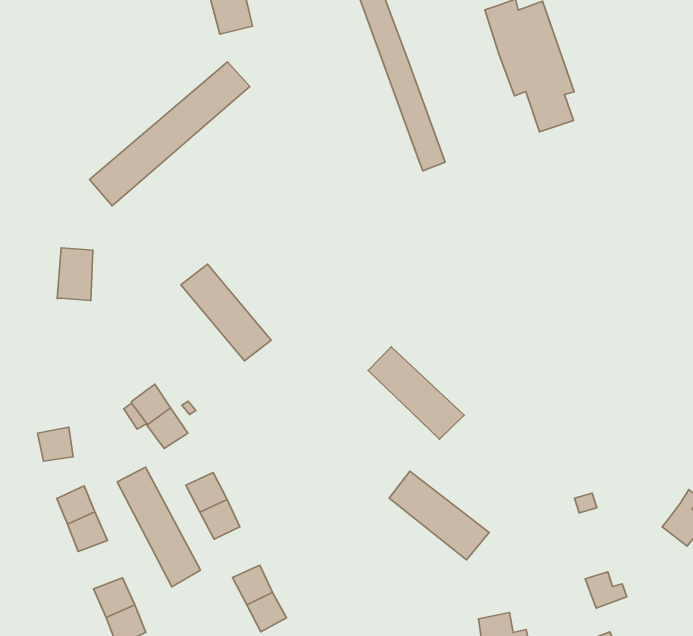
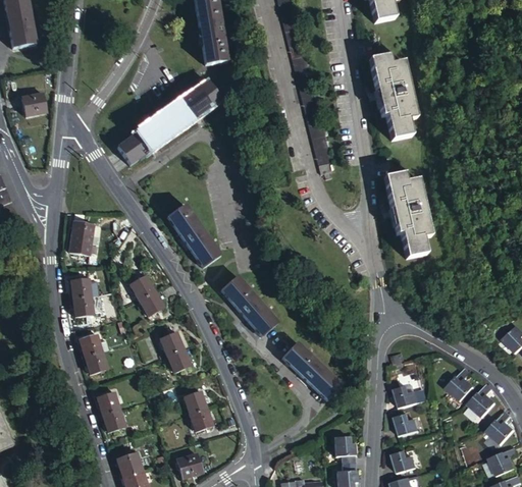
building: none -> [382,174,430,256]
building: [57,248,93,300] -> [69,220,94,254]
building: [368,347,464,439] -> [221,275,277,334]
building: none -> [70,277,98,297]
building: [117,467,200,587] -> none
building: none -> [398,375,426,408]

